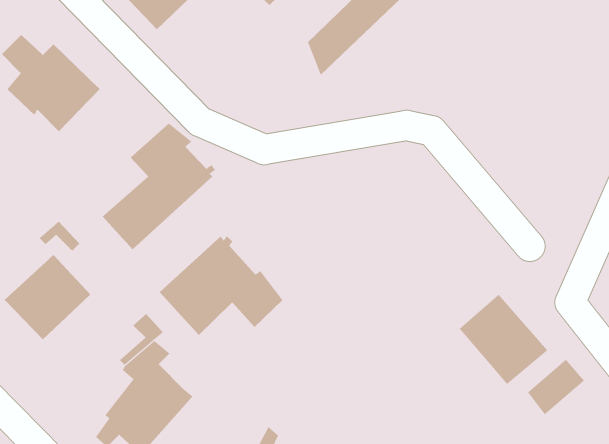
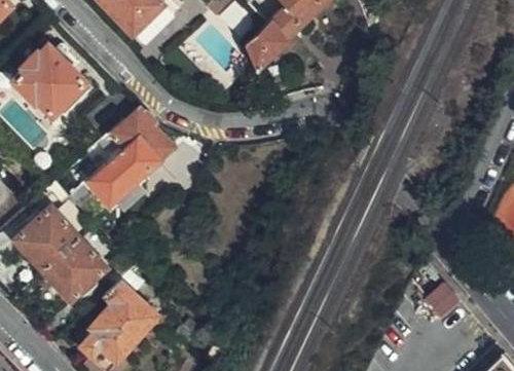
building: [159,235,283,336] -> none
building: [459,294,548,385] -> none
building: none -> [42,237,107,302]

